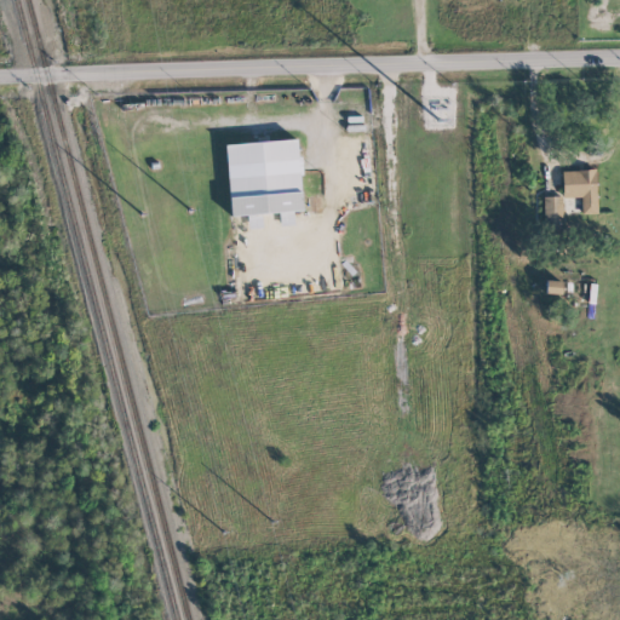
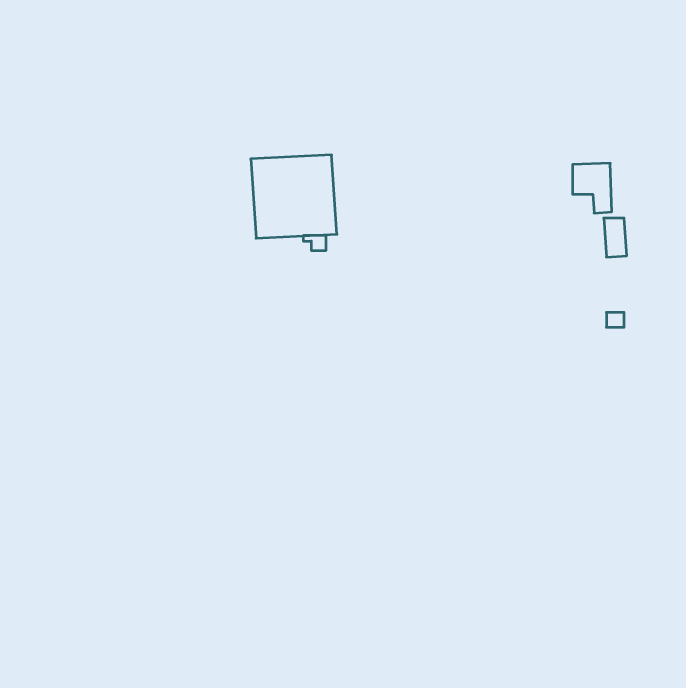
building: [564,170,599,214] -> [573,163,612,213]

